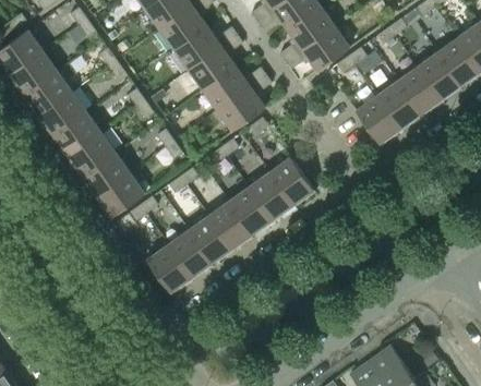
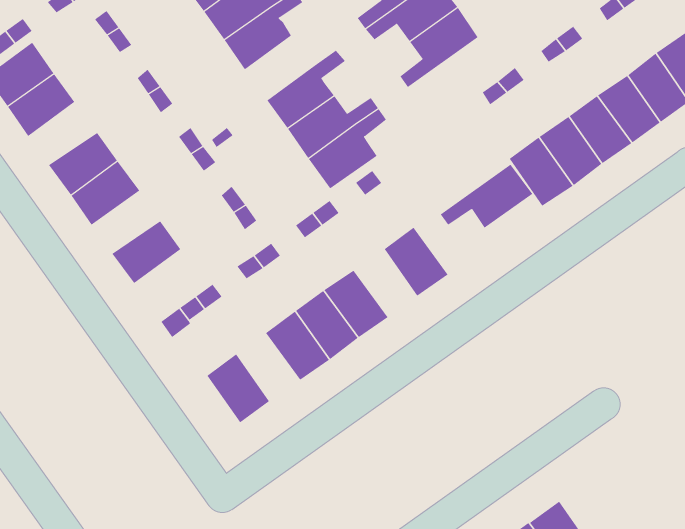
building: [173,25,237,70] -> none
building: [286,26,350,71] -> [440,164,533,229]
building: [24,71,72,114] -> none
building: [68,132,116,176] -> none
building: [97,172,145,217] -> none
building: [249,172,292,219] -> none
building: [168,230,212,277] -> none

